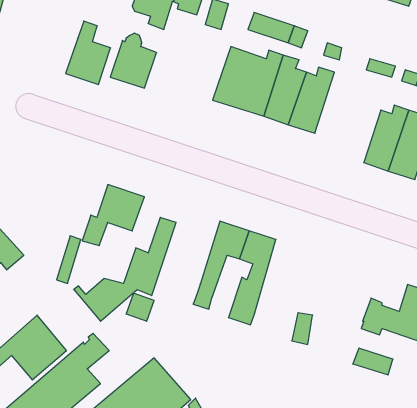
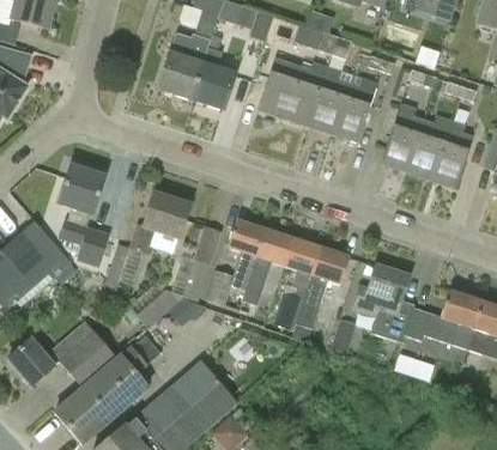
building: [66,21,111,84] -> [190,47,235,109]
building: none -> [381,104,423,171]
building: none -> [60,164,110,266]
building: none -> [205,219,265,305]
building: none -> [298,247,350,324]
building: none -> [351,264,413,371]

